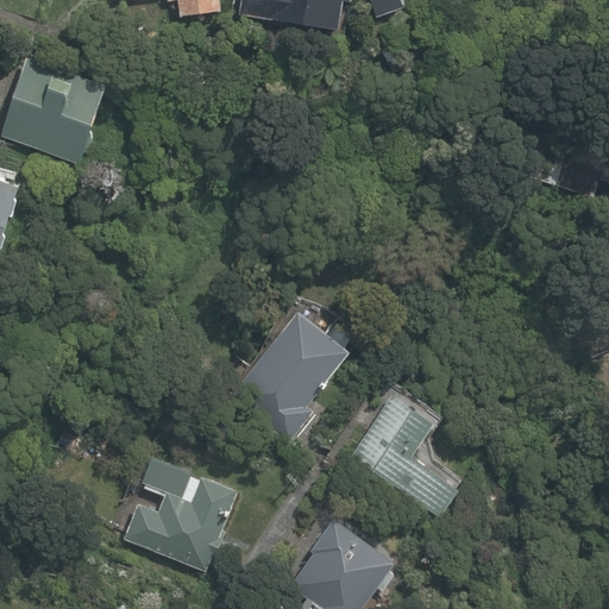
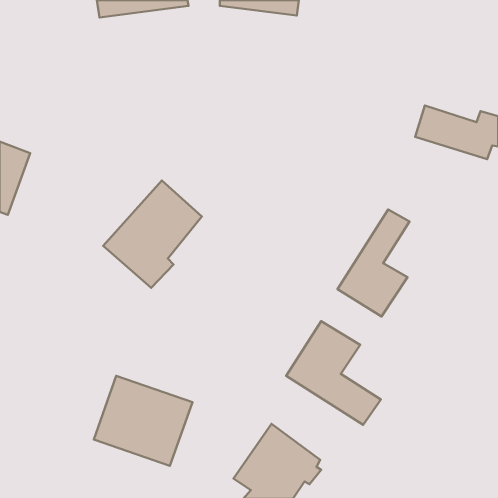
building: [8,56,117,164] -> none
building: none -> [338,210,409,317]
building: [226,309,346,440] -> [103,180,202,288]

